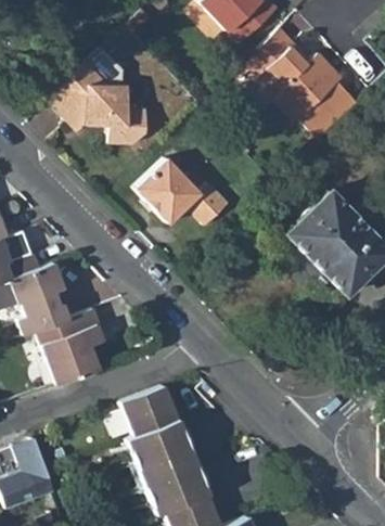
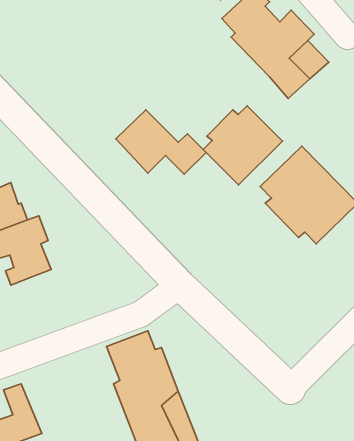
building: [51,61,150,140] -> none
building: none -> [203,106,283,185]
building: [41,311,105,387] -> none

